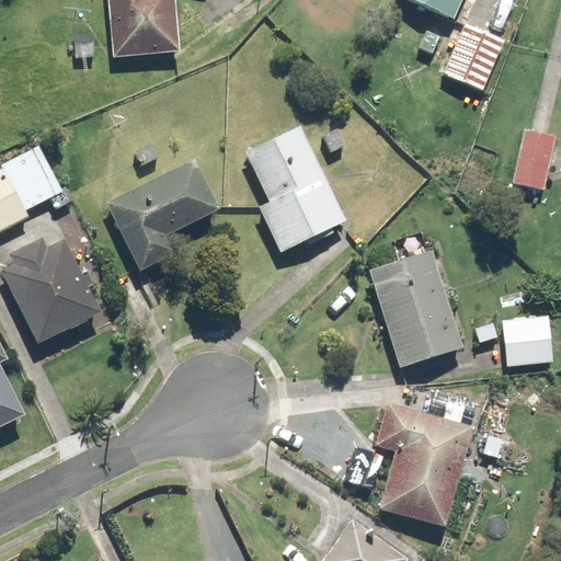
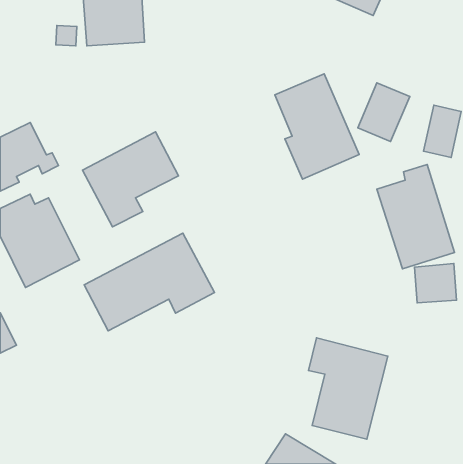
building: [444,20,506,90] -> [358,83,410,141]
building: [244,126,345,252] -> [275,74,359,179]
building: [368,241,461,366] -> [377,165,455,269]
building: none -> [84,233,215,331]

